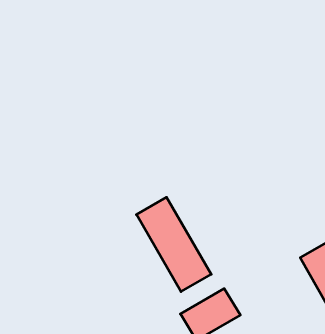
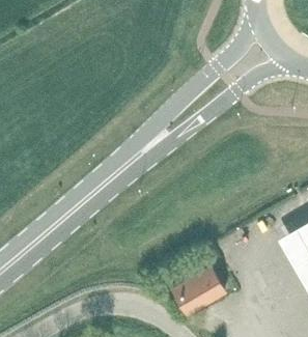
building: [136,197,211,292] -> none

